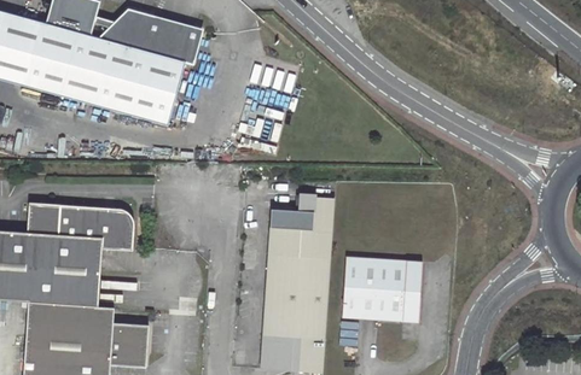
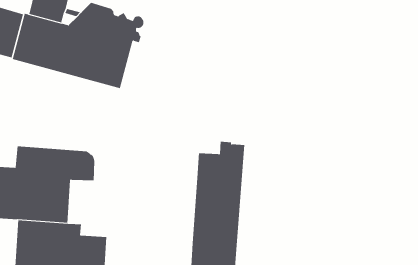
building: [342,257,422,324] -> none

